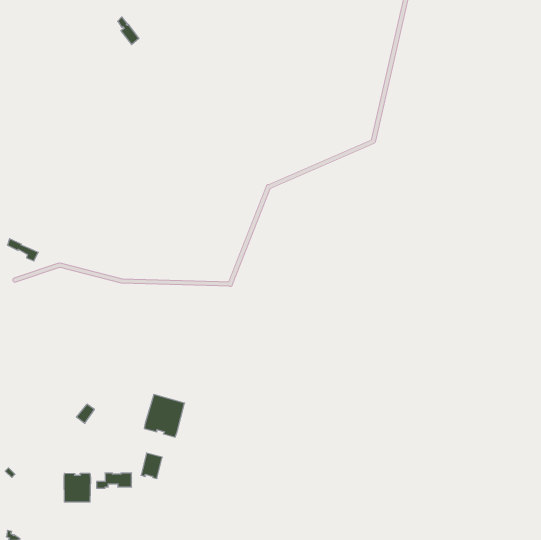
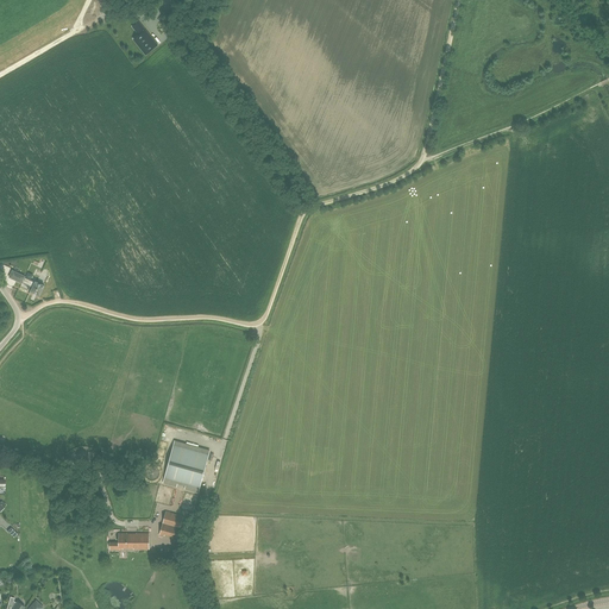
building: [64,473,90,502] -> none

